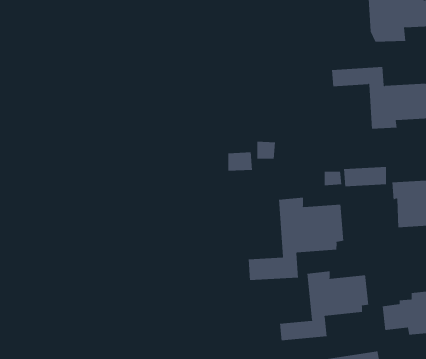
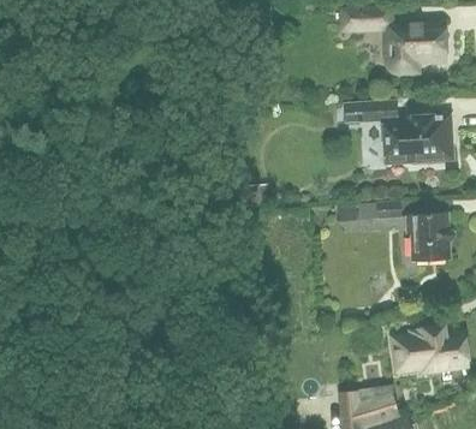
building: [248,197,344,281] -> none
building: [280,271,369,341] -> none

